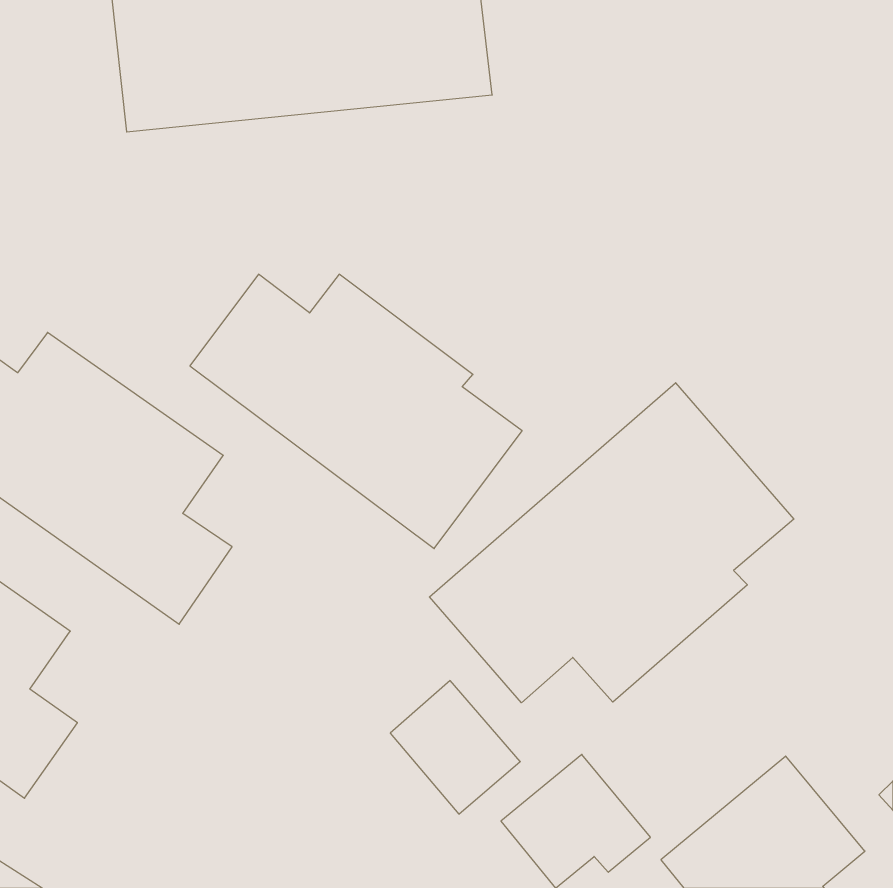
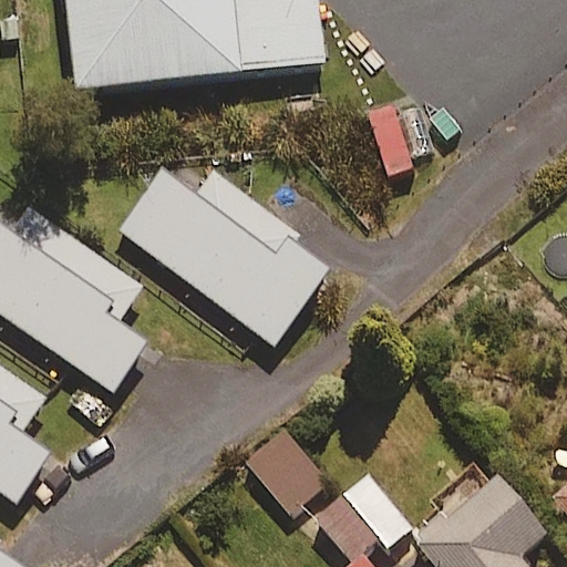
building: [429,383,794,703] -> none

